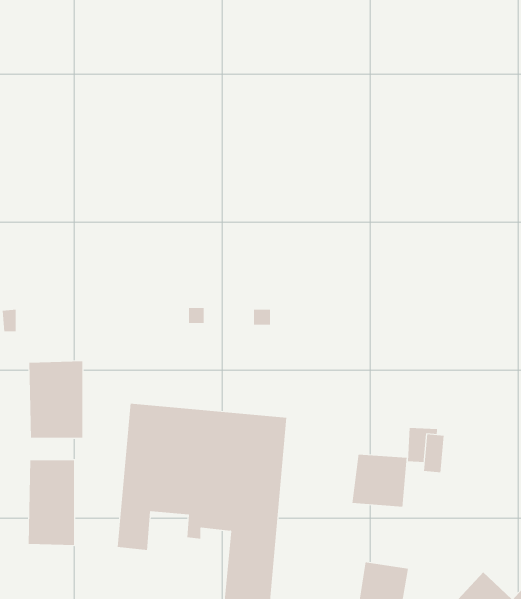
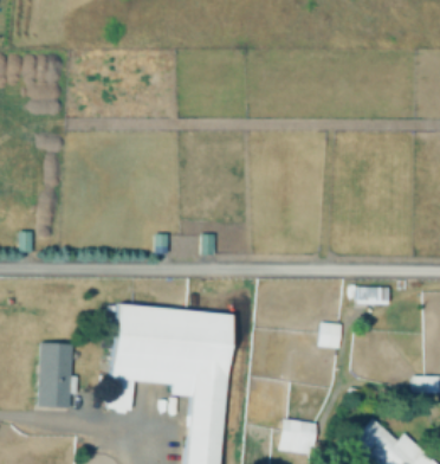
building: [29,361,83,438] -> none
building: none -> [354,285,386,302]
building: [352,454,407,508] -> none

